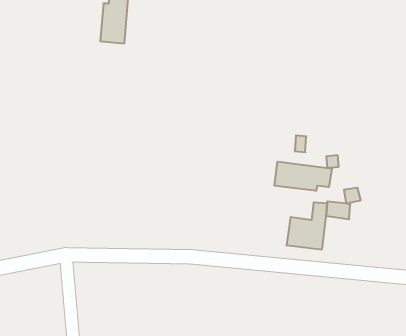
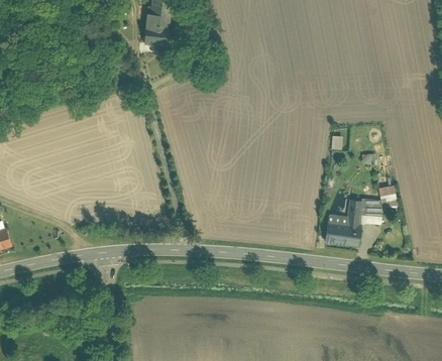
building: [275,162,332,191] -> none

